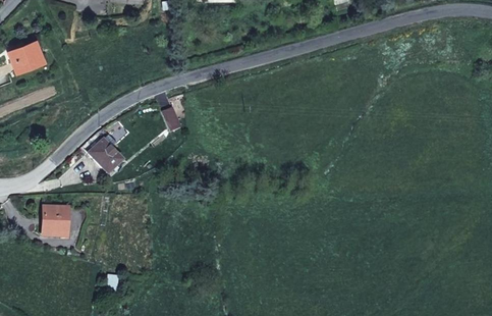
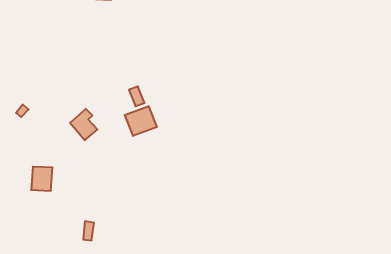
building: [7,42,44,72] -> none
building: none -> [125,106,157,136]

